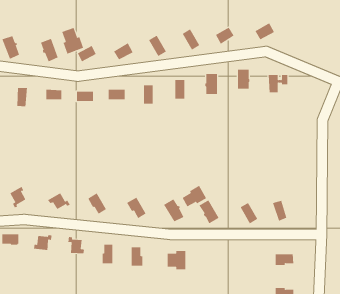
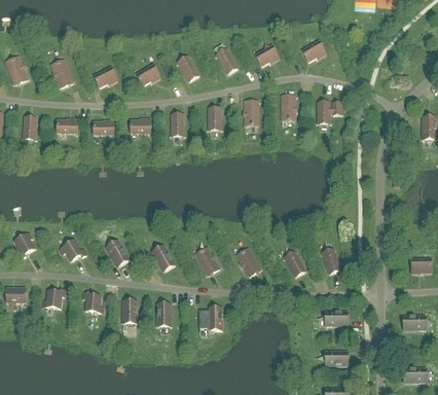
building: [62,27,84,54] -> none
building: [182,185,207,207] -> none

